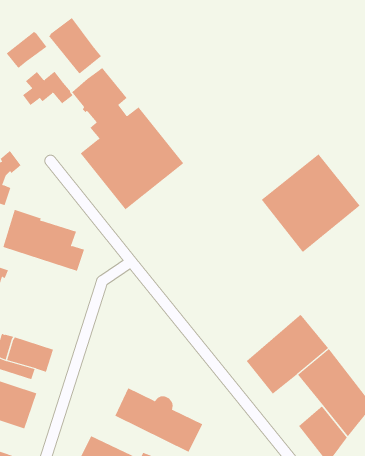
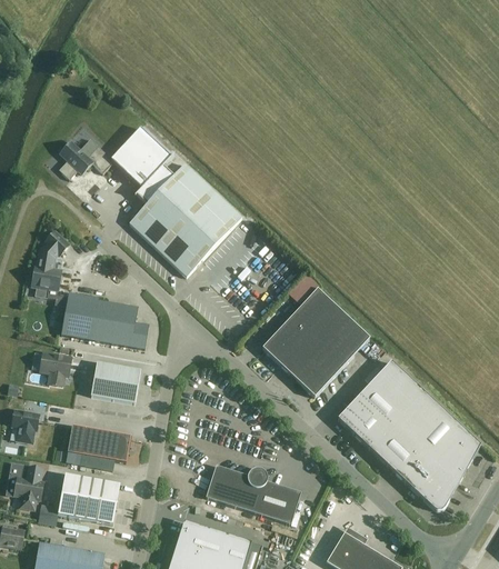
building: [48,17,102,75] -> none
building: [6,31,47,69] -> none
building: [261,154,361,253] -> [262,289,369,397]
building: none -> [90,361,140,402]
building: none -> [370,425,425,479]

